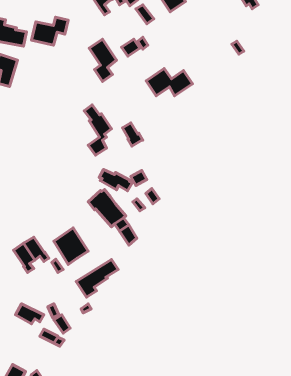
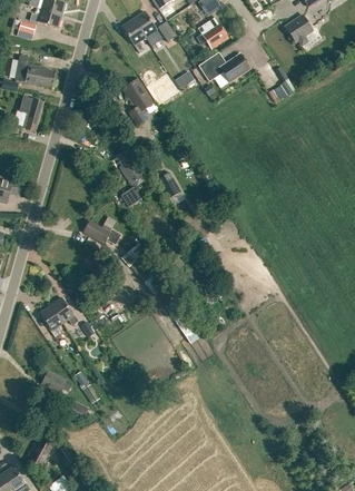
building: [31,17,68,45] -> none
building: [146,69,193,96] -> [198,52,249,82]
building: [99,169,133,191] -> [85,222,121,245]
building: [76,259,118,297] -> none

